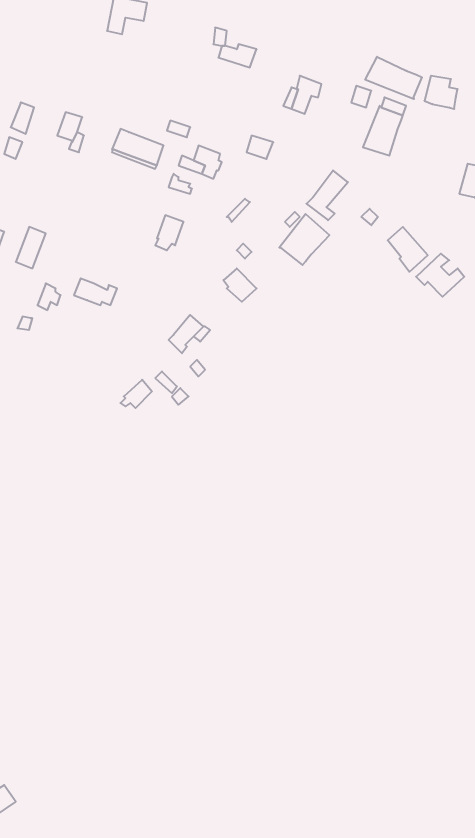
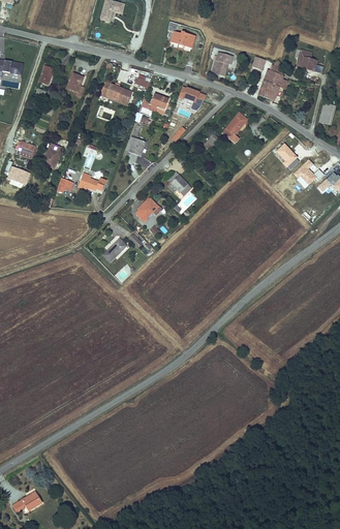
building: [365,57,422,99] -> none
building: [279,214,329,265] -> none

